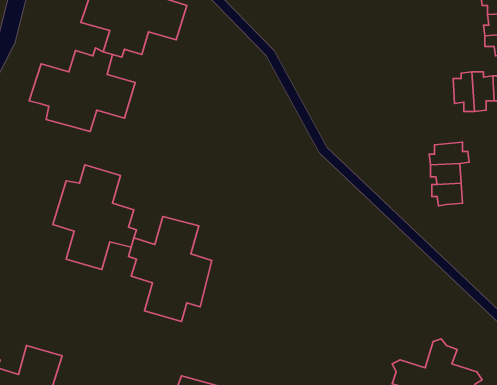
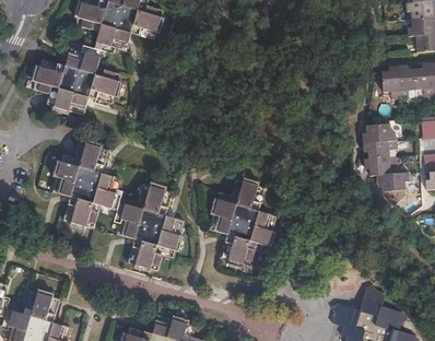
building: none -> [376,172,409,190]
building: none -> [209,178,275,264]

